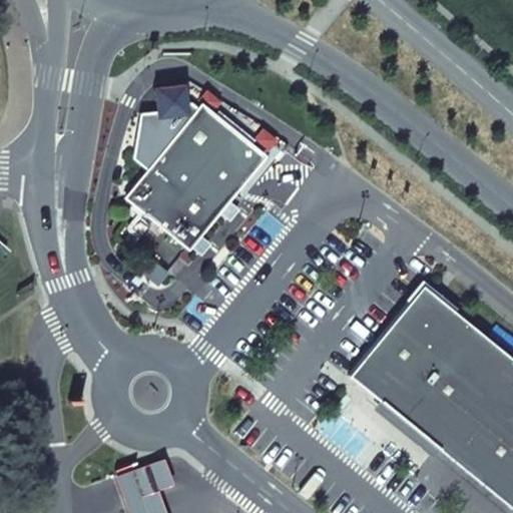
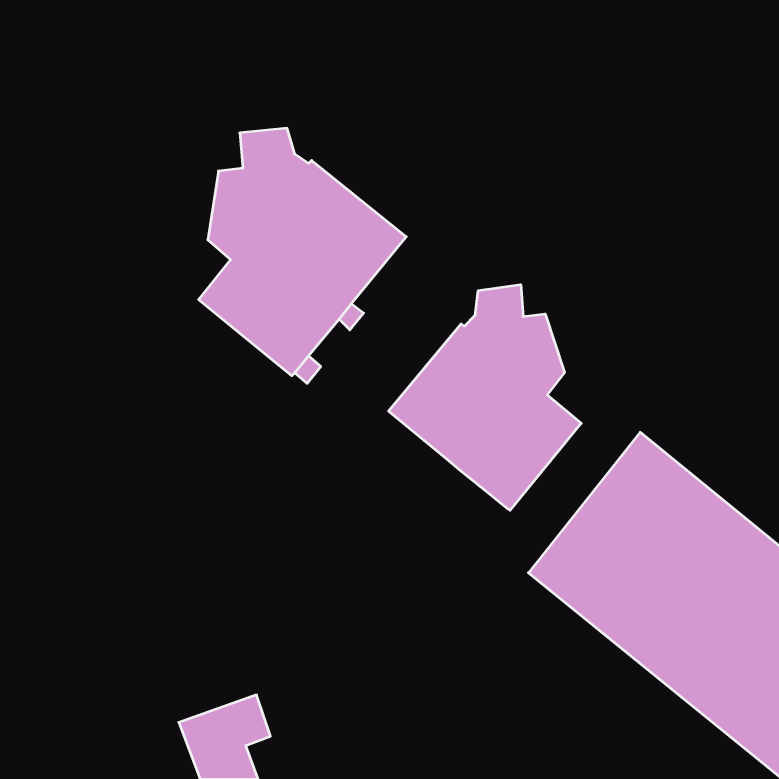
building: none -> [389,285,581,510]

